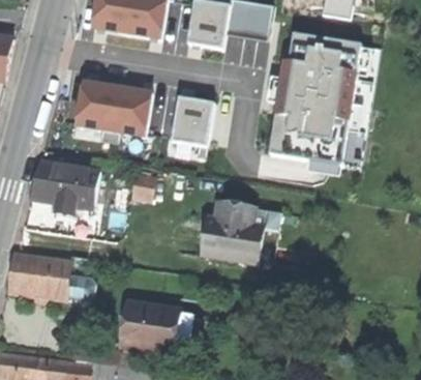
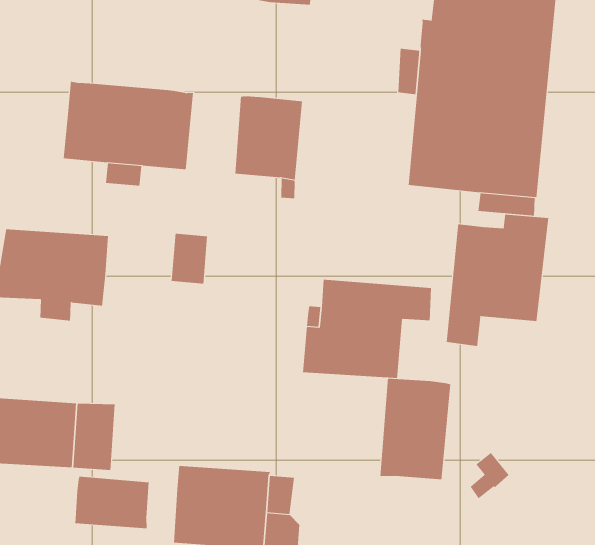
building: none -> [446,214,549,347]
building: none -> [380,378,451,480]
building: none -> [75,476,149,529]

